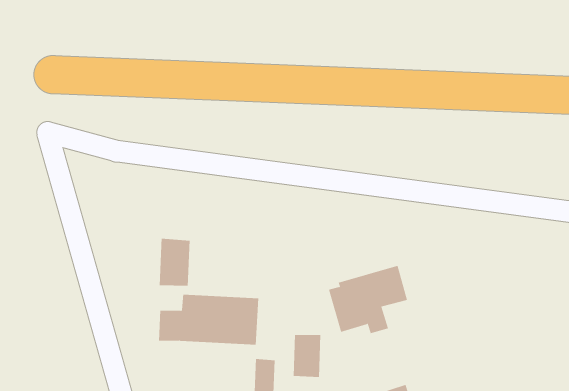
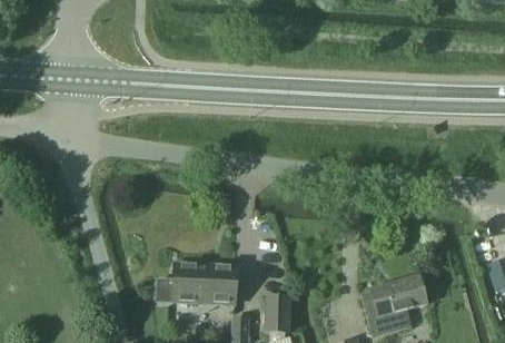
building: [159,238,190,286] -> none
building: [328,265,408,334] -> [362,274,427,331]

